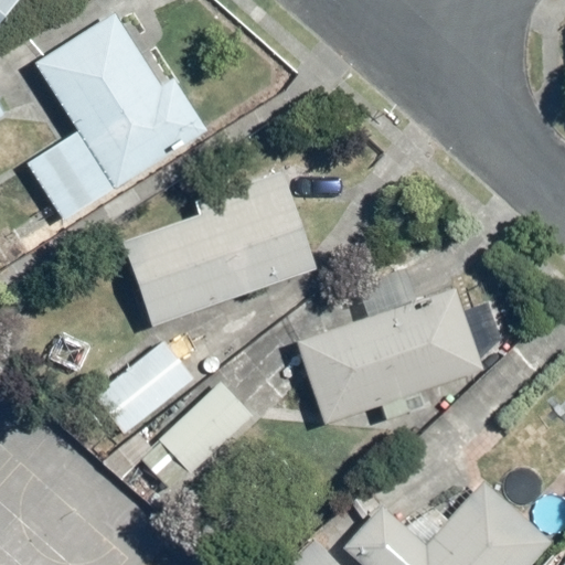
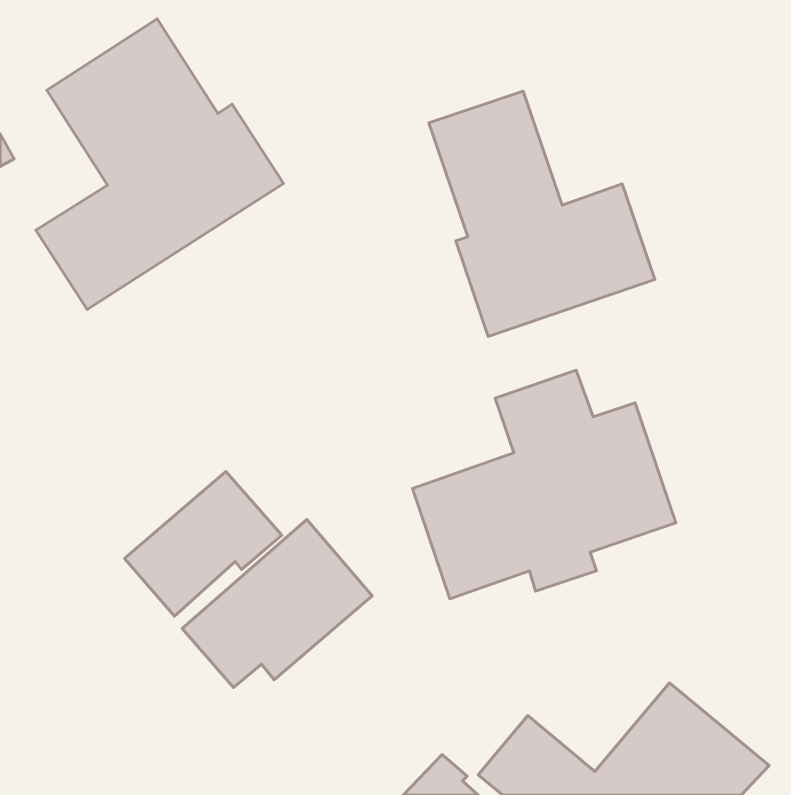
building: none -> [429,91,655,337]
building: [120,171,319,329] -> none

